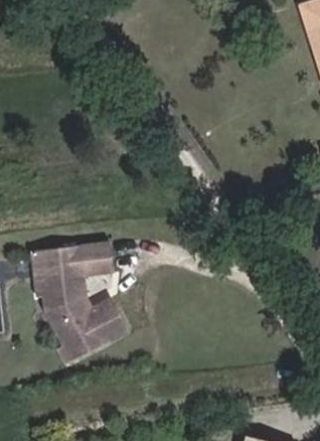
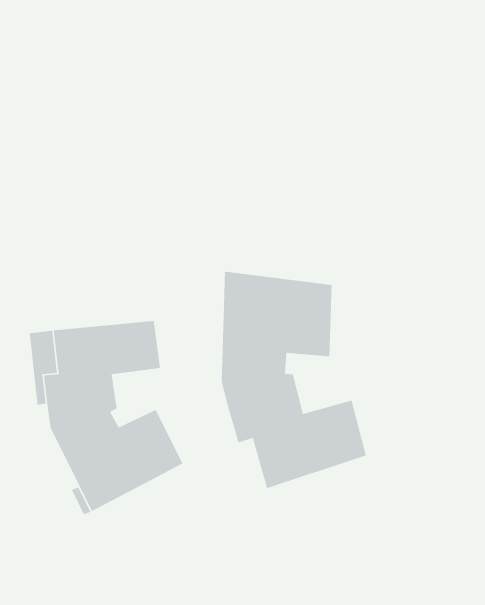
building: none -> [221,271,367,489]

